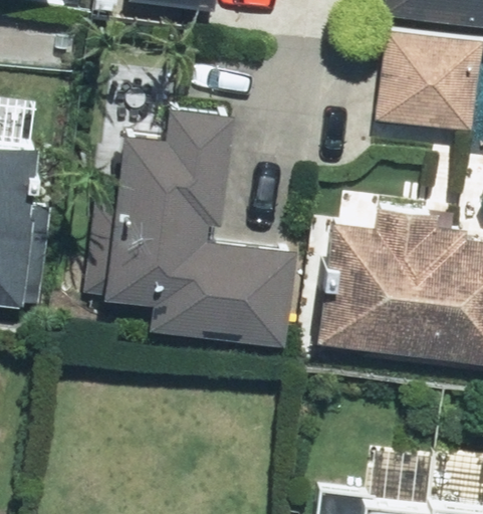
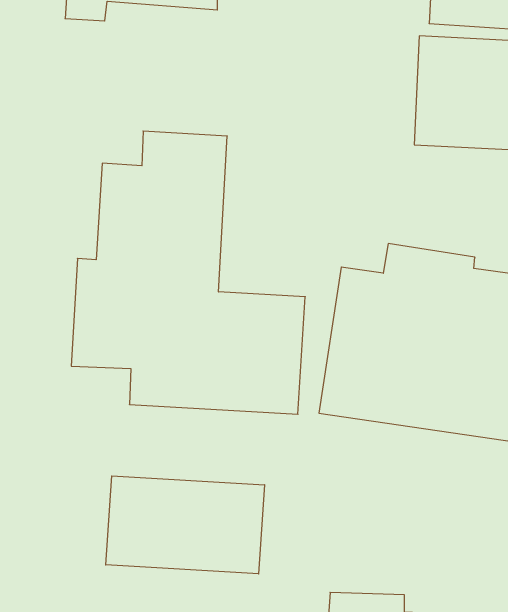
building: none -> [106,476,265,574]

